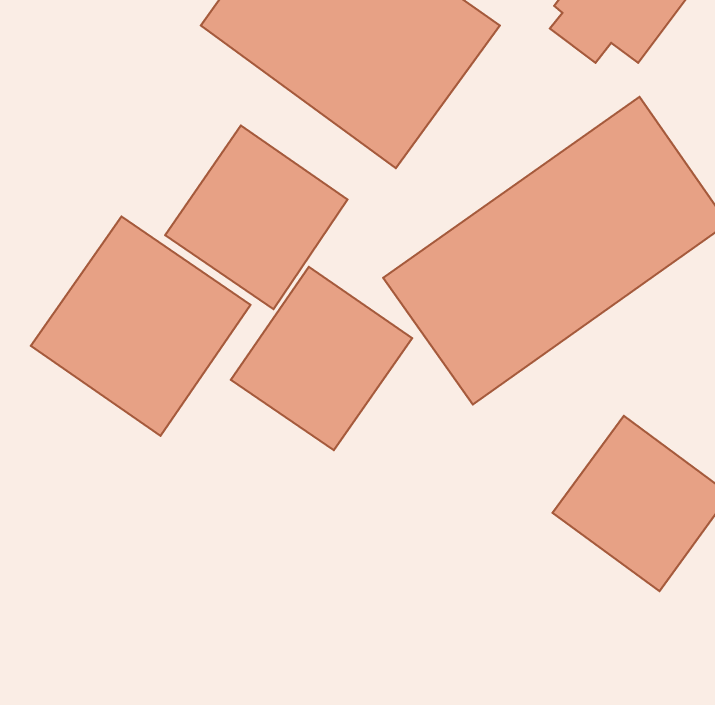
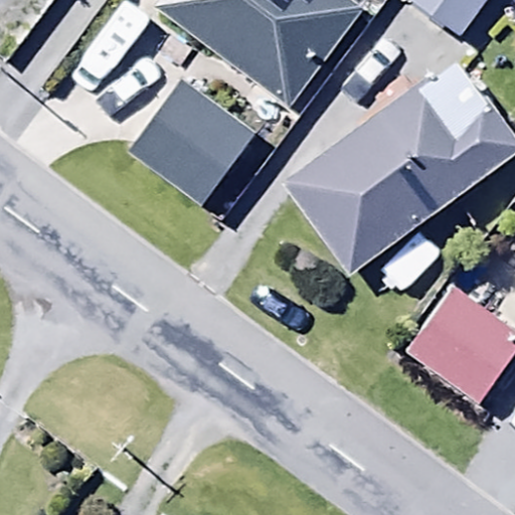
building: [31,217,251,436] -> none
building: [231,267,412,450] -> none

